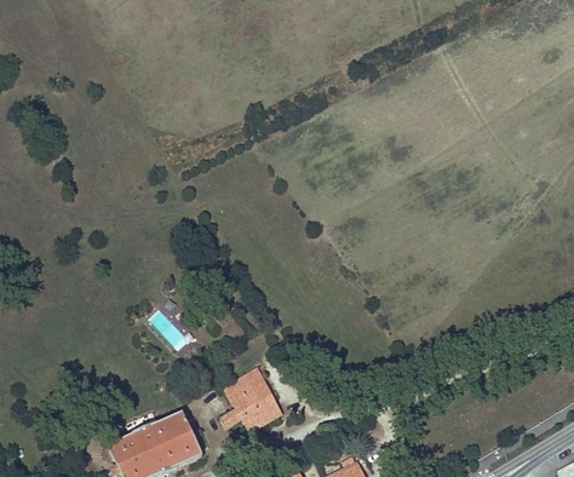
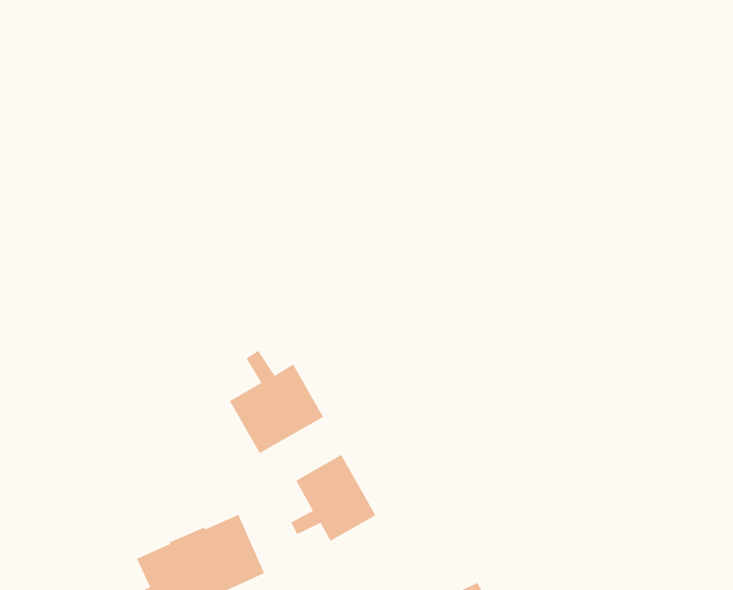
building: none -> [229,350,324,454]

